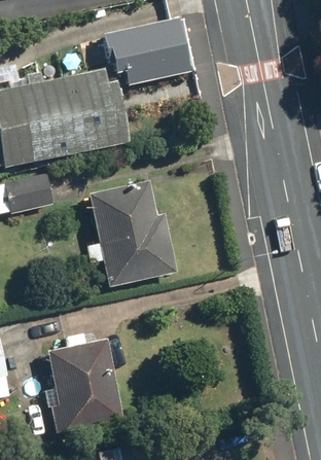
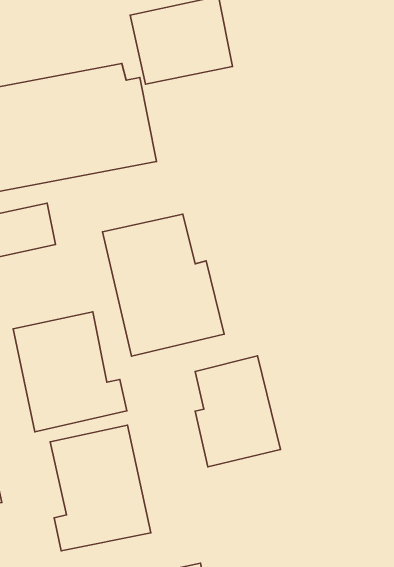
building: none -> [13,312,127,432]
building: none -> [195,356,280,467]

